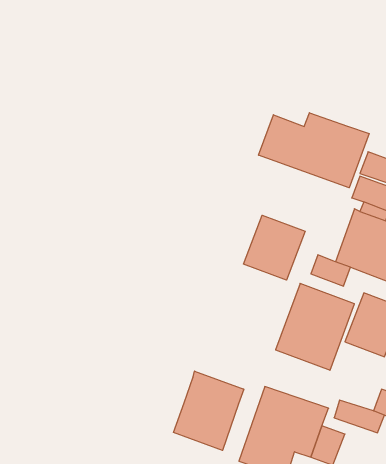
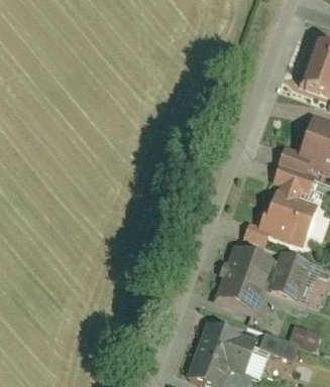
building: [259,113,369,188] -> none
building: [243,215,305,280] -> none
building: [173,371,244,450] -> none

